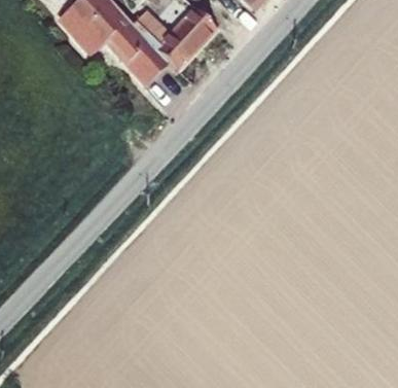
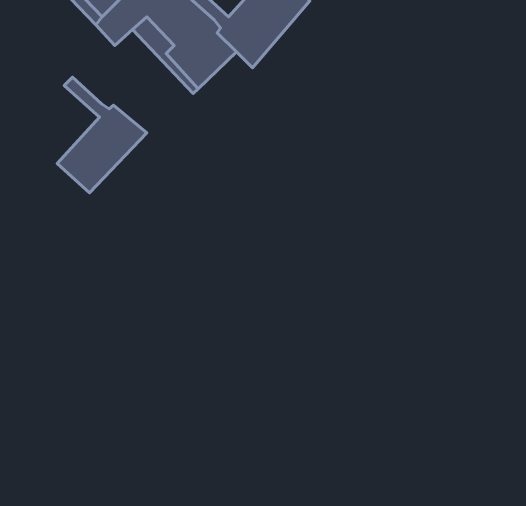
building: none -> [57,77,147,193]

